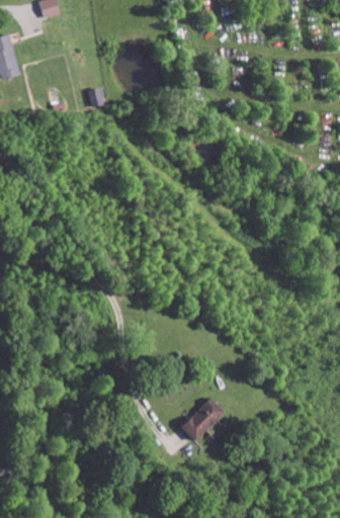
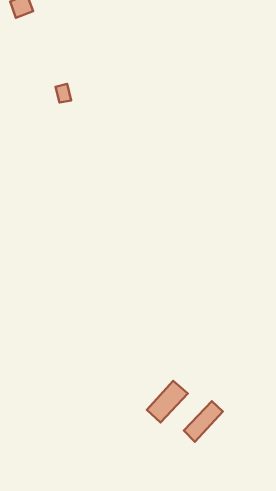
building: none -> [184,401,223,442]

